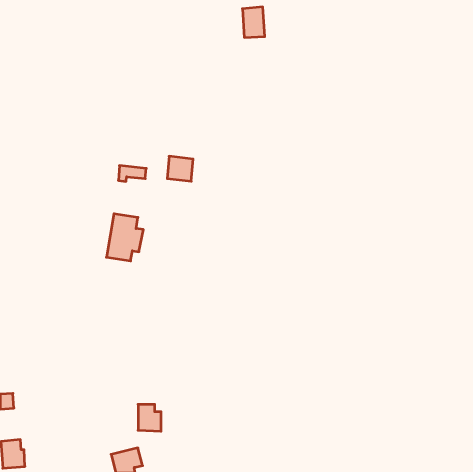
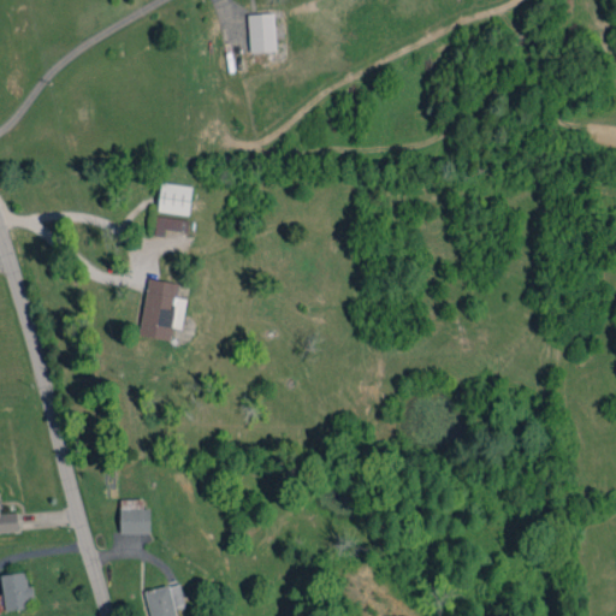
building: [242,7,265,37] -> [248,13,277,53]
building: [167,156,193,181] -> [158,183,191,215]
building: [138,404,161,431] -> [120,499,150,534]

